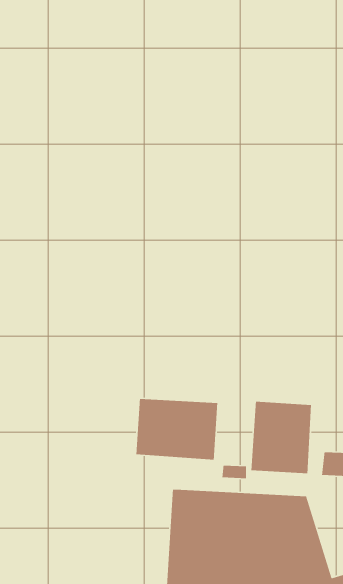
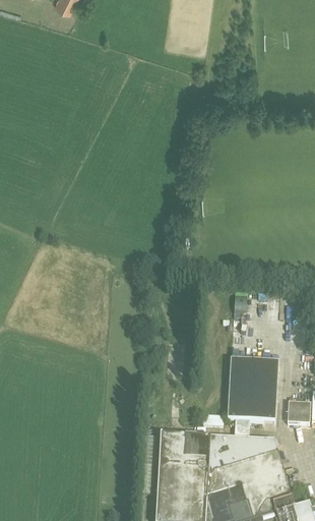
building: [136,398,218,461] -> none

